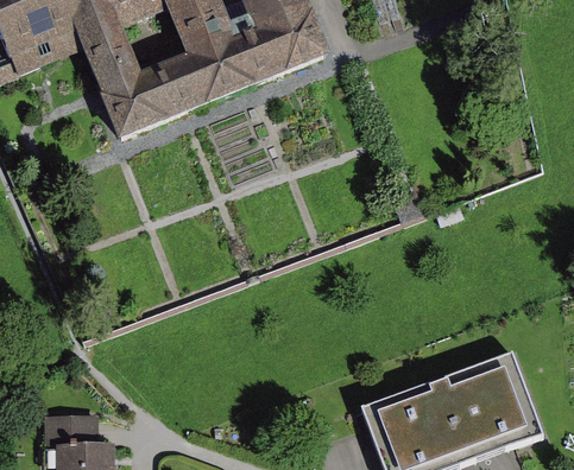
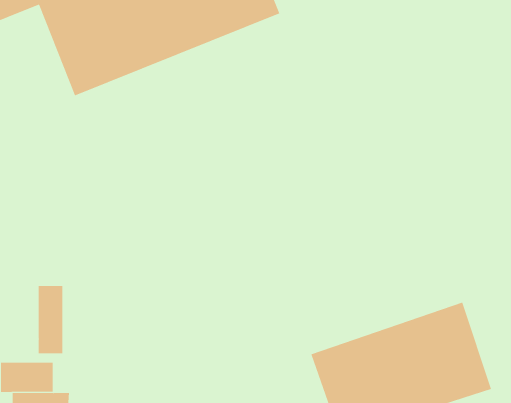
building: none -> [38,285,63,354]

